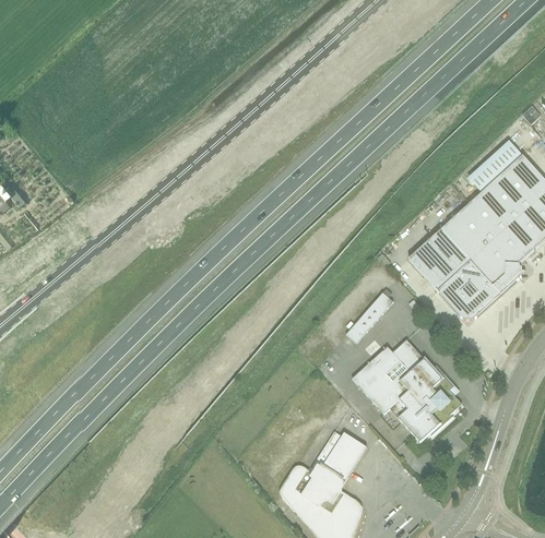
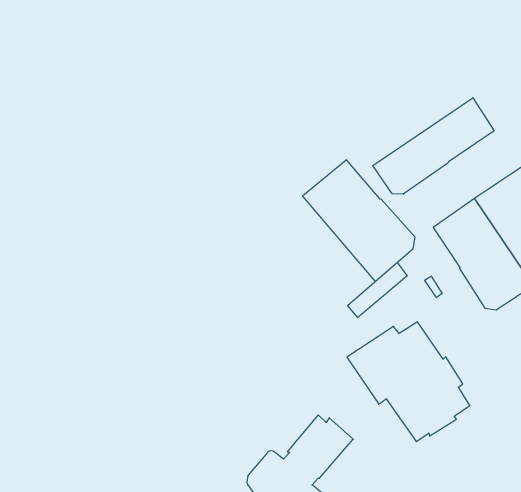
building: none -> [373,98,494,194]
building: none -> [303,160,415,282]

